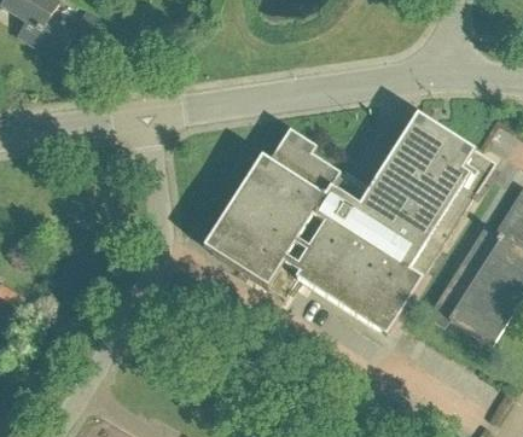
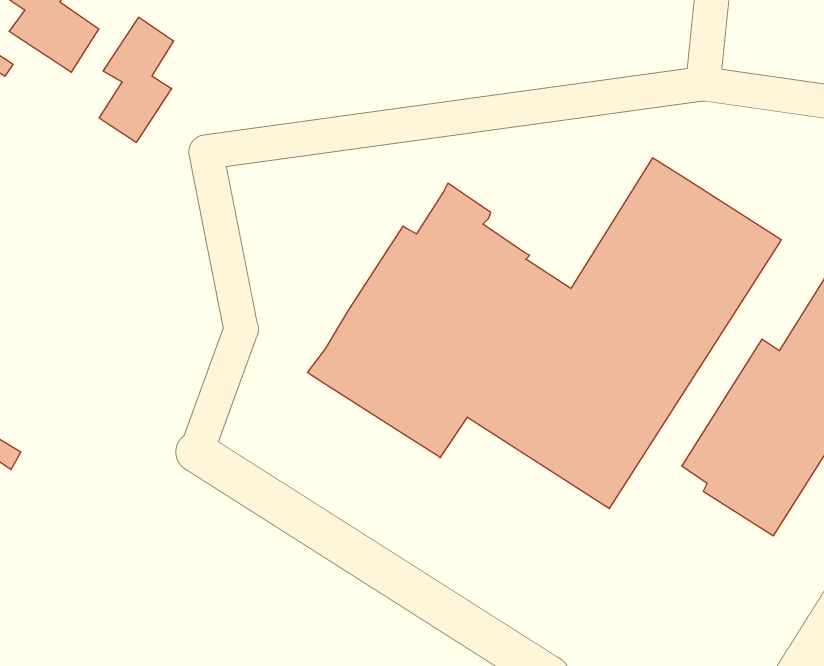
building: none -> [99,17,174,142]

